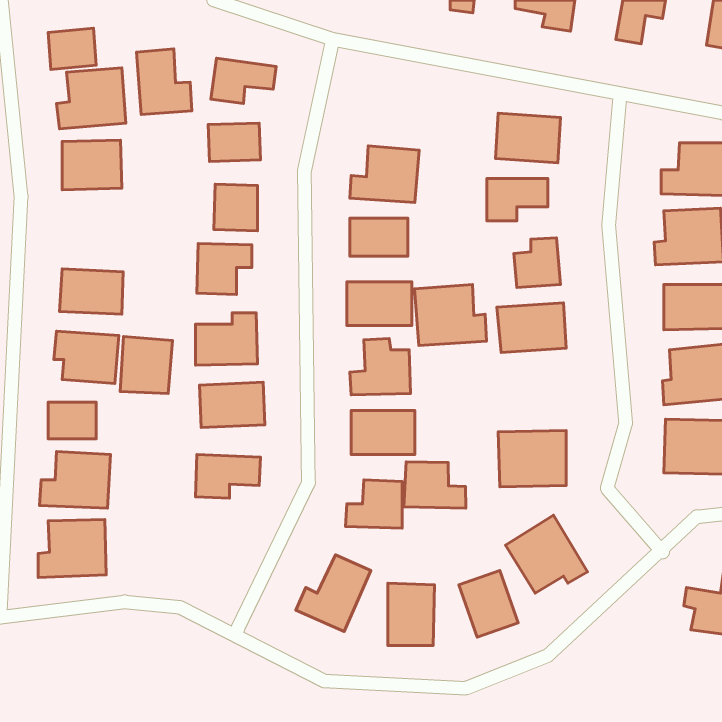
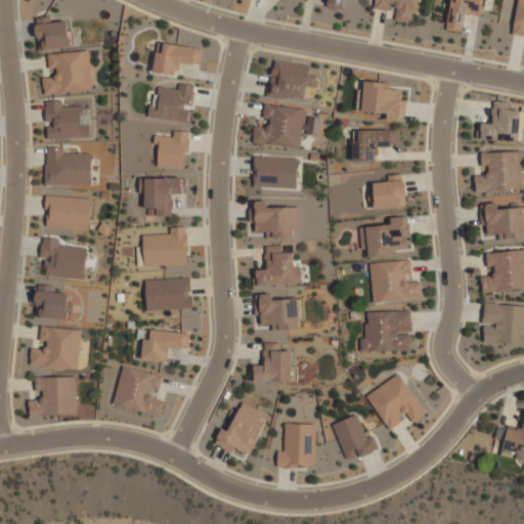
building: [136,49,192,115] -> none
building: none -> [269,62,315,102]
building: none -> [44,146,92,184]
building: [414,285,487,345] -> [368,260,421,304]
building: [120,337,172,394] -> none
building: [404,462,466,508] -> none
building: none -> [113,366,164,418]

